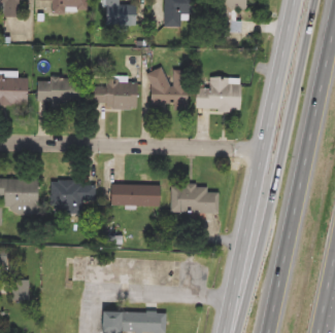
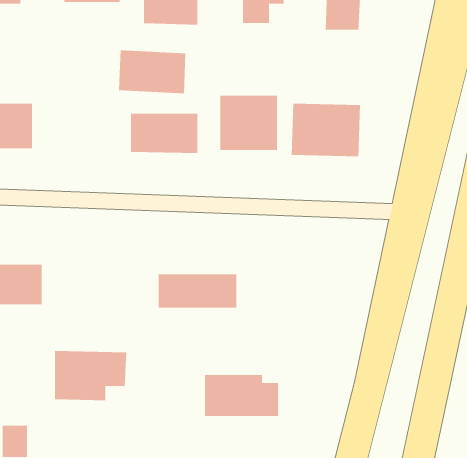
building: [36,78,79,106] -> [118,50,186,94]
building: [49,181,96,213] -> [54,351,127,401]
building: [170,186,217,213] -> [204,374,279,417]

